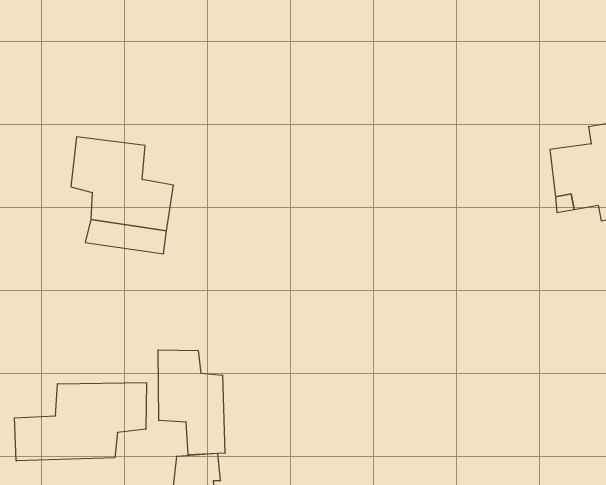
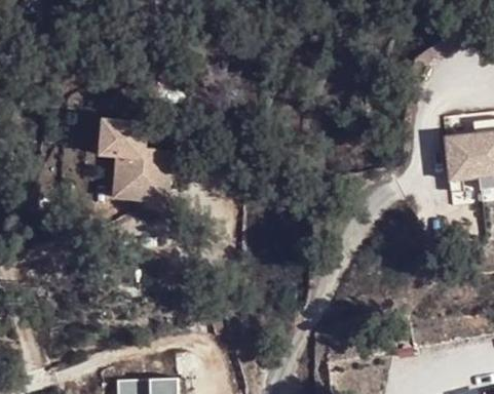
building: [158,350,225,455] -> none
building: [15,383,147,461] -> none

